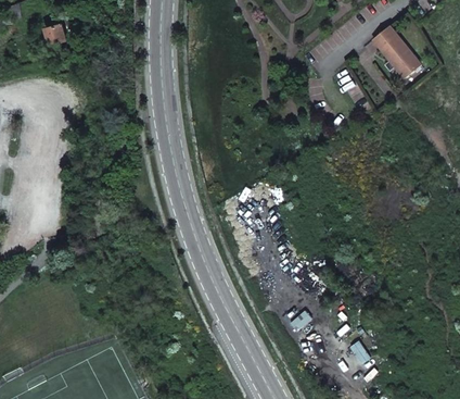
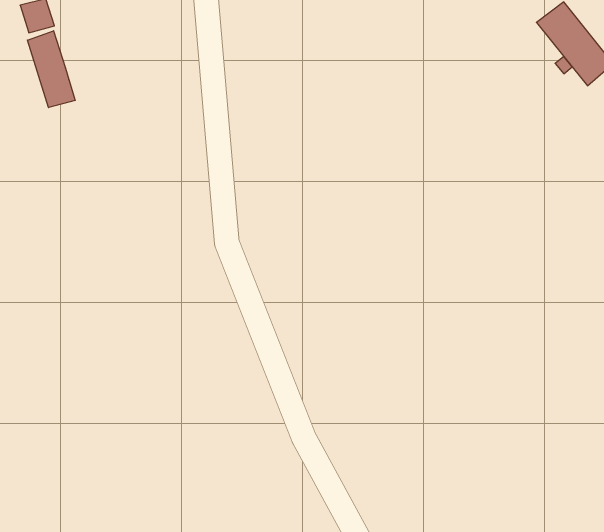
building: none -> [27,31,75,108]

